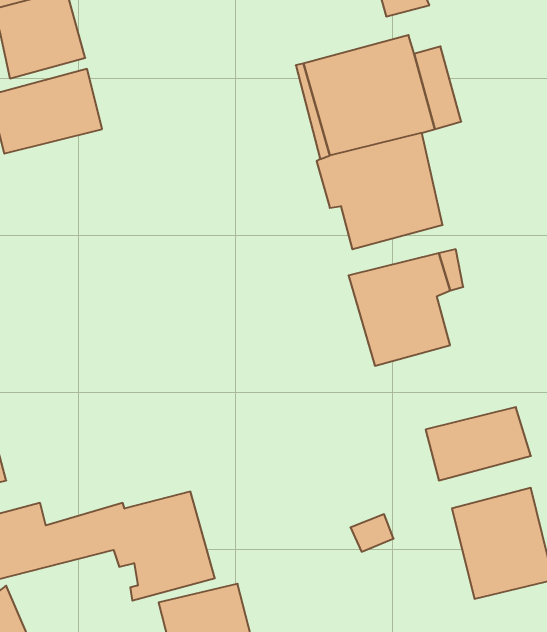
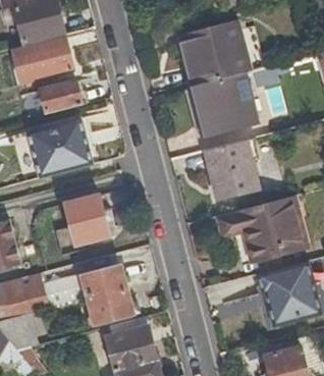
building: none -> [39,80,88,113]
building: none -> [26,117,92,177]
building: none -> [65,195,111,245]
building: none -> [216,196,301,234]

